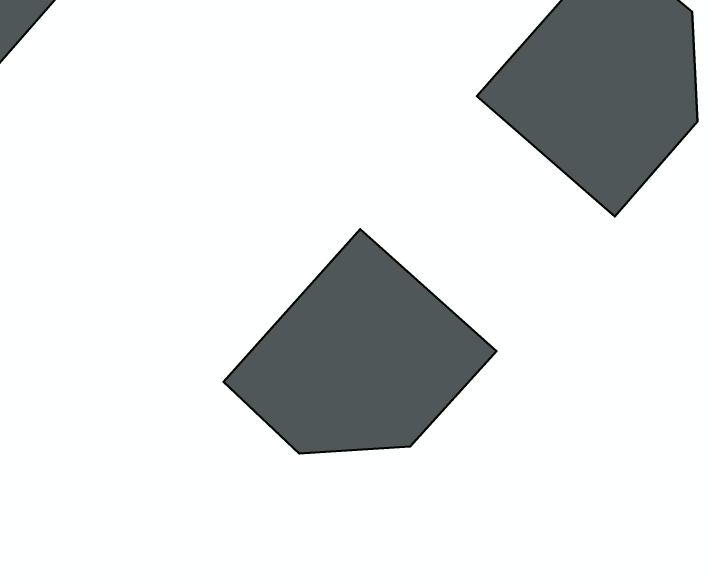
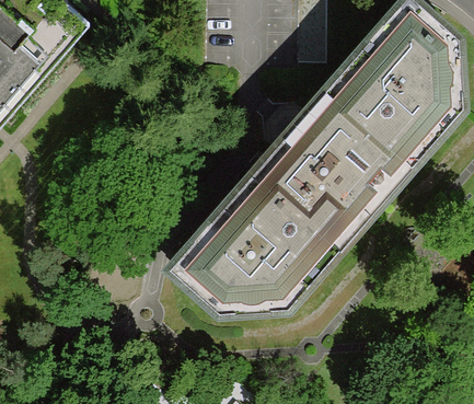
building: none -> [247,93,403,249]

